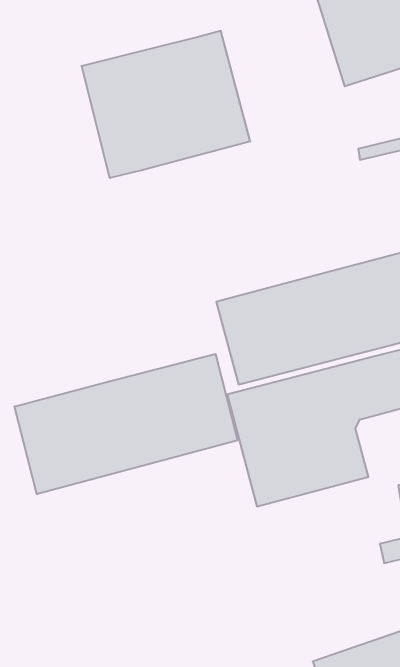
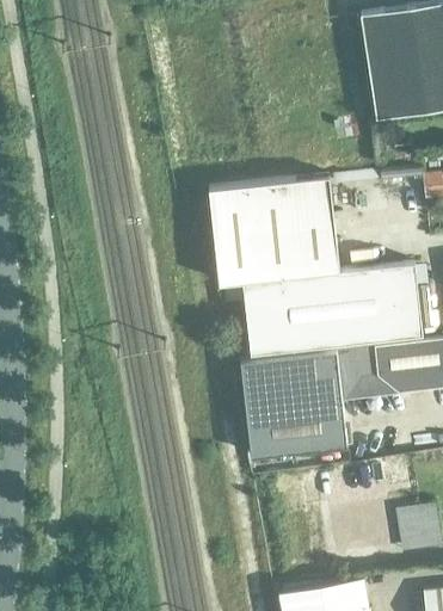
building: [81,31,250,178] -> [208,177,339,285]
building: [14,354,237,494] -> none

